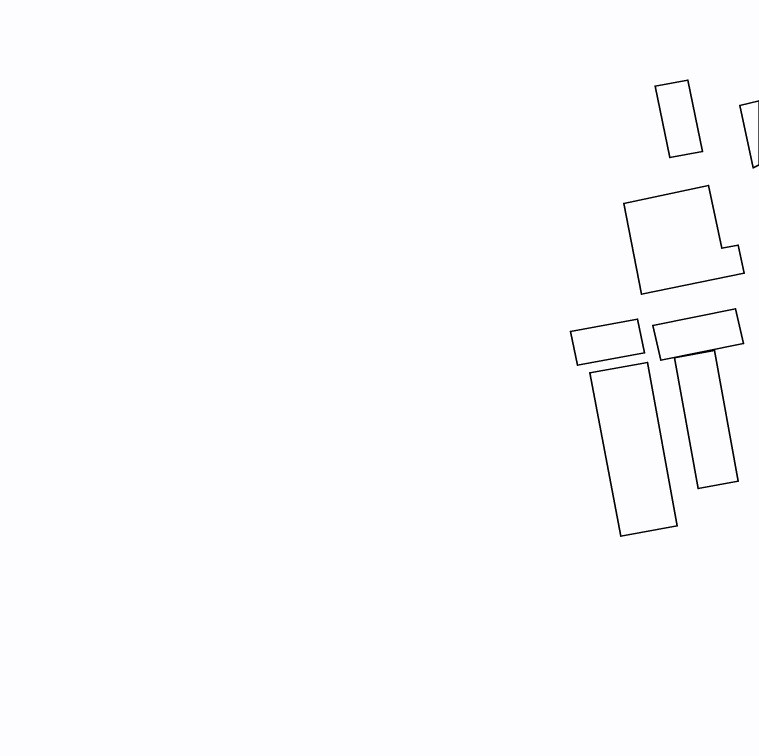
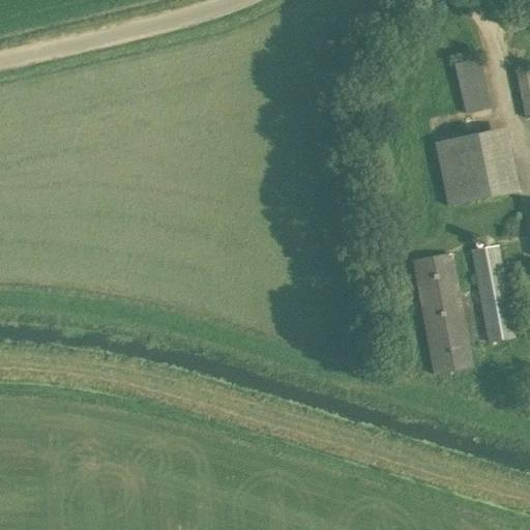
building: [653,309,744,360] -> none
building: [571,319,645,365] -> none

